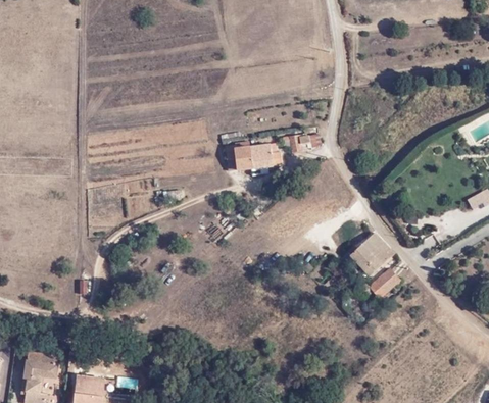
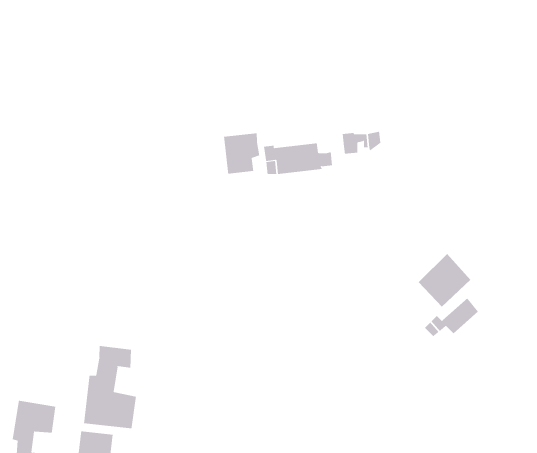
building: none -> [223,132,260,174]
building: none -> [83,345,136,429]

